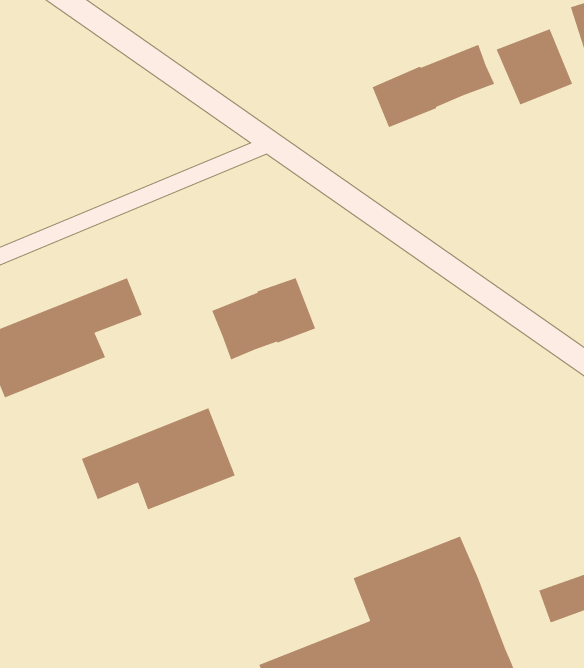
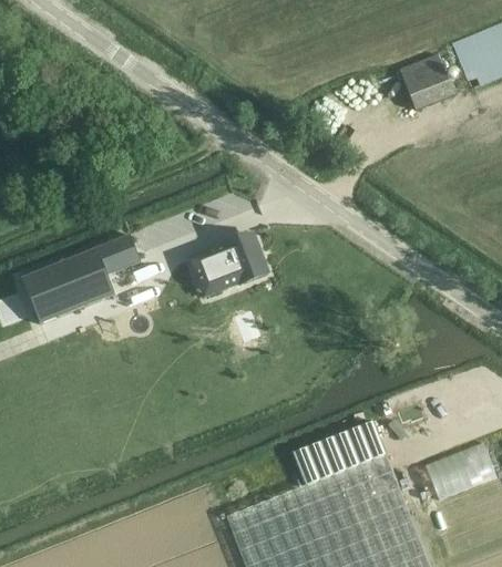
building: [371,44,495,128] -> none
building: [81,407,236,511] -> none

